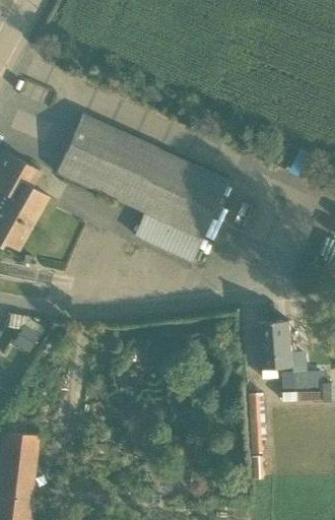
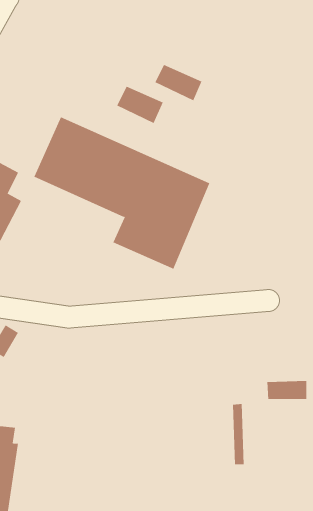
building: none -> [155,64,202,101]
building: none -> [116,86,163,124]
building: [259,322,295,368] -> none

